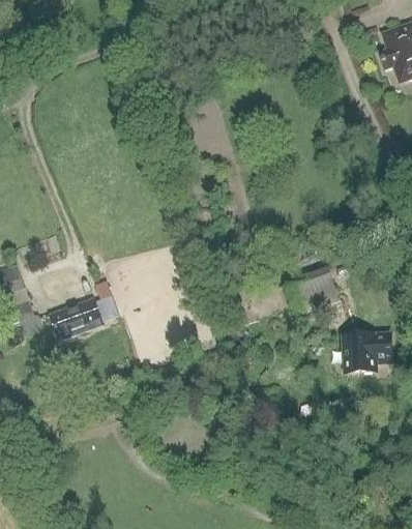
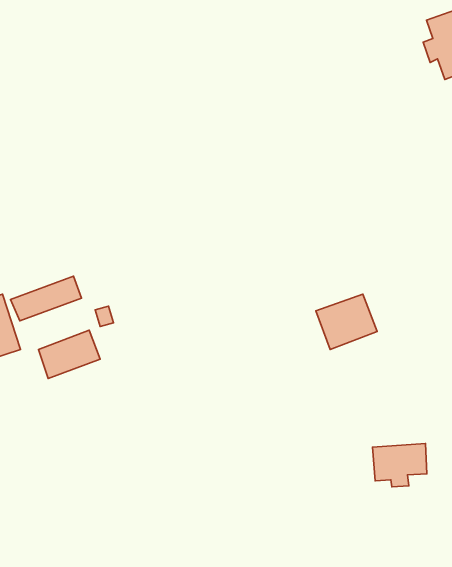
building: none -> [11,276,82,321]
building: [346,334,392,372] -> [373,444,427,487]

